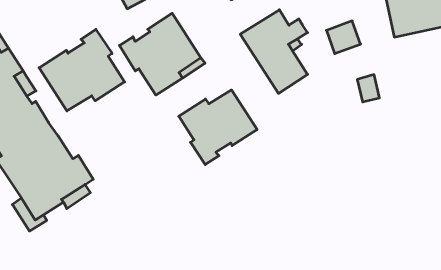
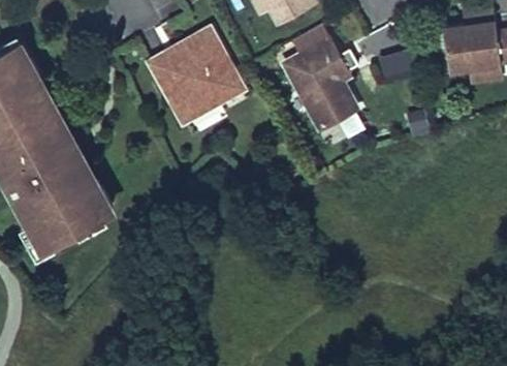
building: [39,29,125,111] -> none
building: [179,90,257,165] -> none

